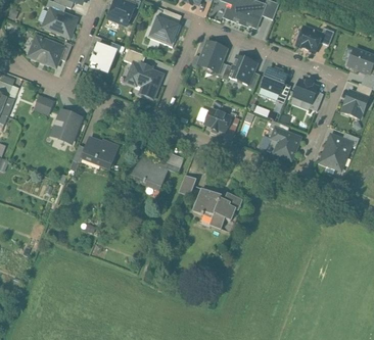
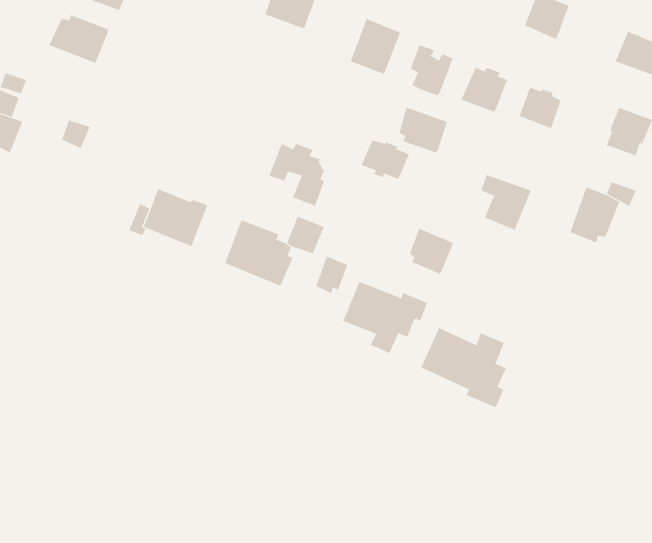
building: [91,42,116,72] -> none
building: [127,62,158,98] -> [268,143,325,207]
building: none -> [399,107,448,153]
building: [53,111,80,141] -> none
building: none -> [409,228,454,274]
building: none -> [420,327,507,408]

